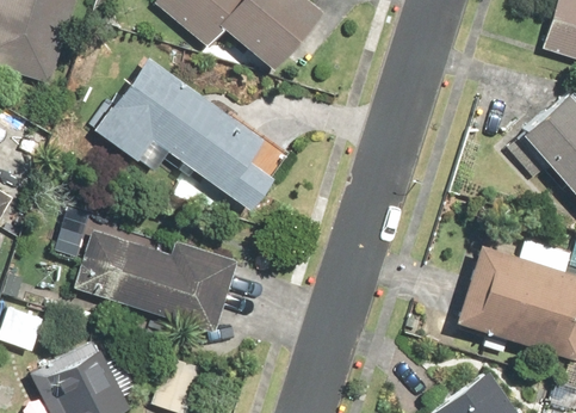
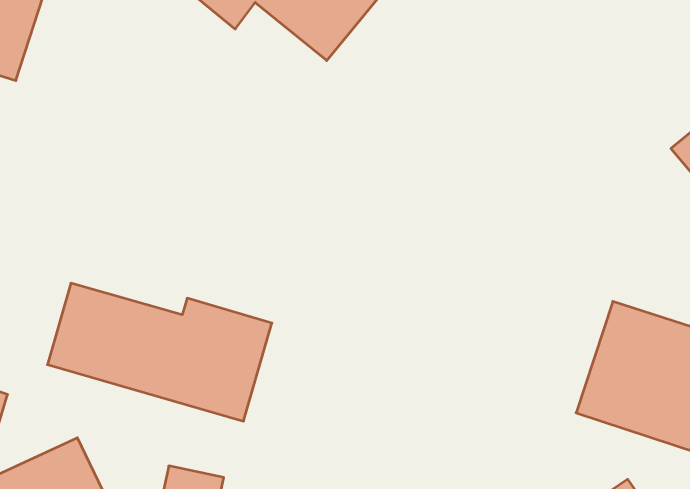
building: [94,55,287,210] -> none

